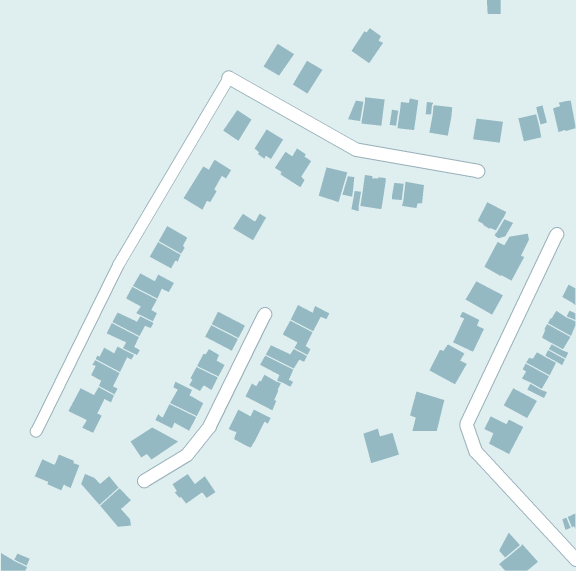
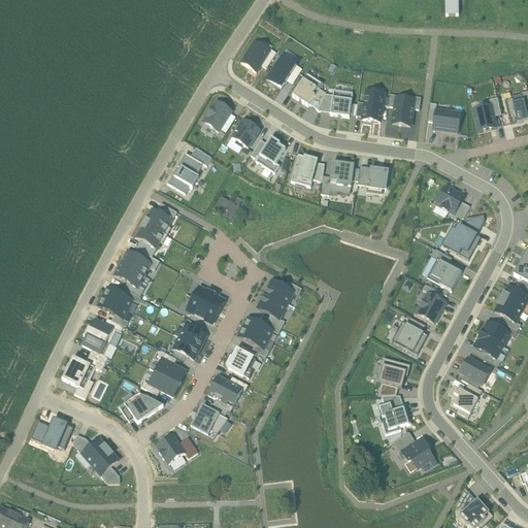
building: [350,27,384,64] -> [291,72,322,106]
building: [363,428,400,464] -> [374,399,408,432]
building: none -> [191,401,228,437]
building: none -> [395,430,437,468]

